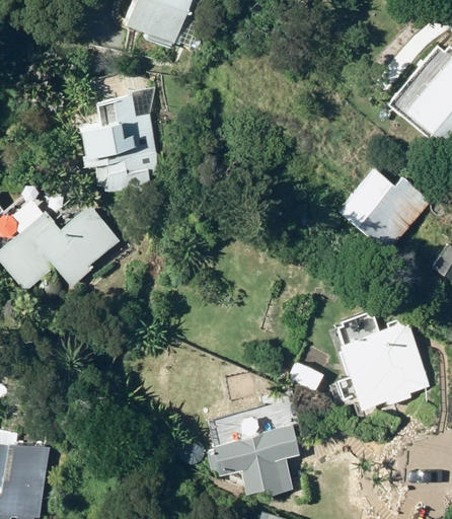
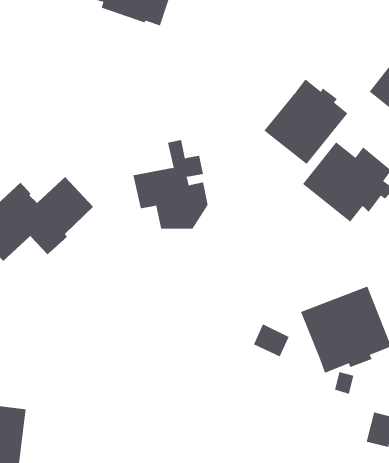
building: [78,95,158,190] -> [132,140,209,229]
building: none -> [264,78,348,165]
building: [204,424,294,496] -> none

